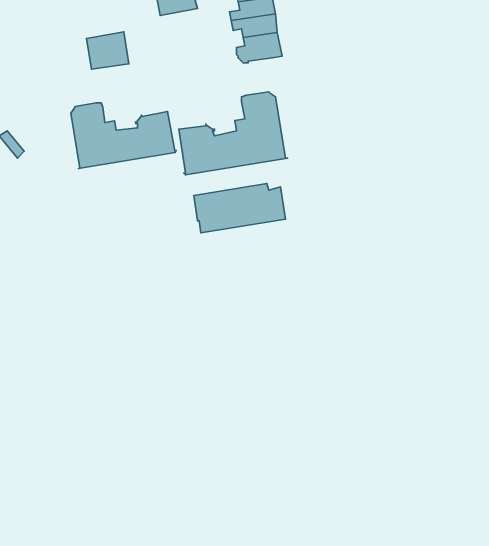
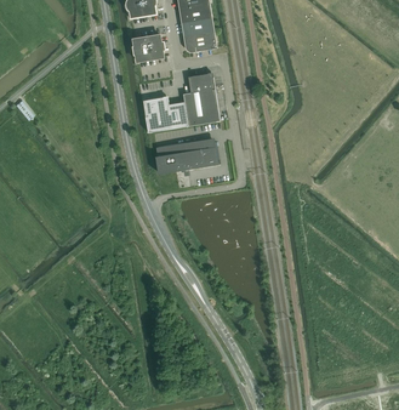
building: [87,32,129,69] -> [132,34,163,61]
building: [71,103,176,169] -> none

